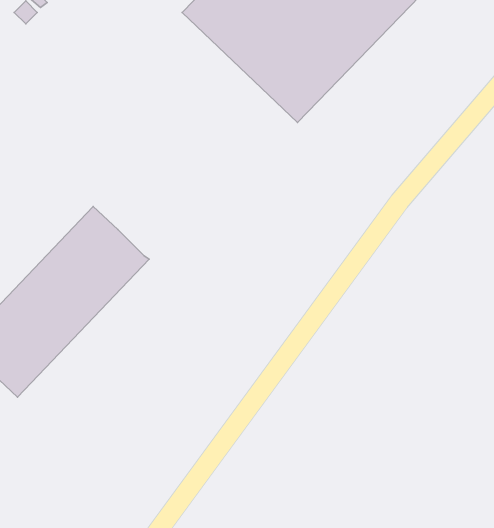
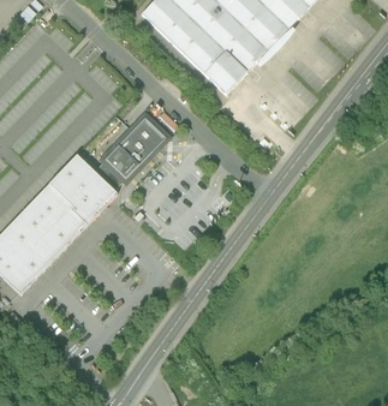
building: none -> [95,112,168,191]

